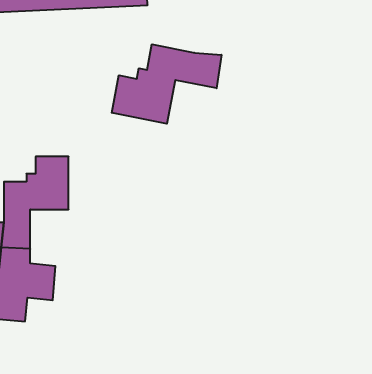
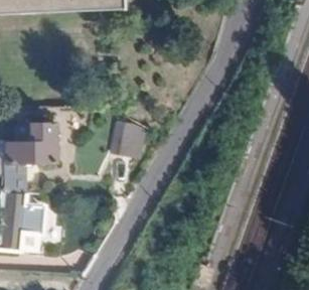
building: [112,44,221,124] -> none
building: none -> [110,122,144,159]

